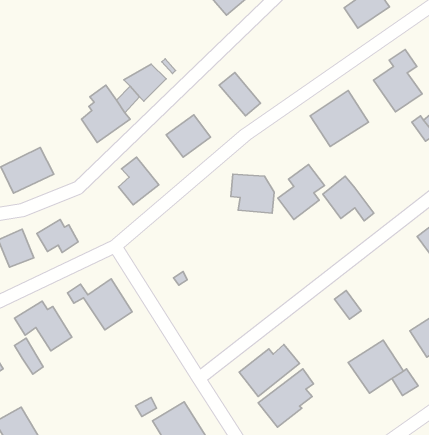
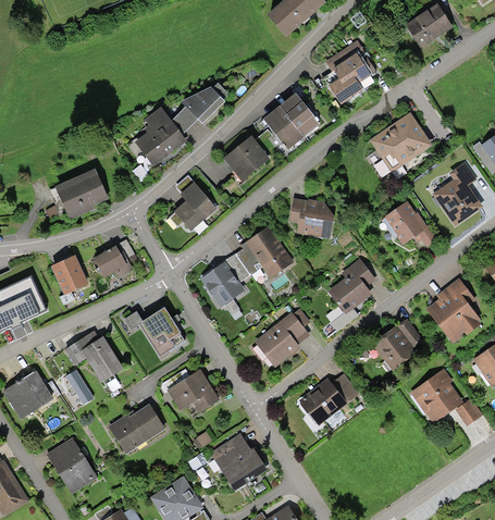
building: none -> [326,39,375,91]
building: [373,49,422,112] -> [433,162,483,226]
building: none -> [262,107,305,151]
building: [278,164,324,219] -> [330,257,378,313]
building: none -> [236,225,295,280]
building: none -> [199,261,246,308]
building: none -> [426,276,483,344]
building: none -> [373,326,416,370]
building: none -> [166,369,219,412]
building: [258,369,313,427] -> [253,307,310,367]
building: none -> [109,401,164,453]

